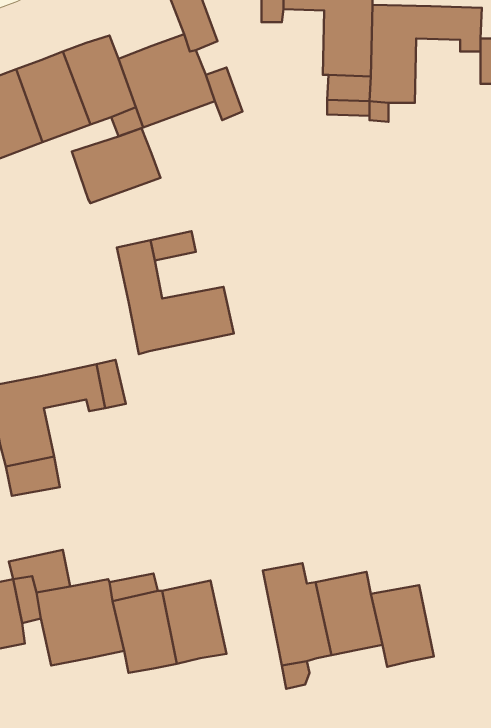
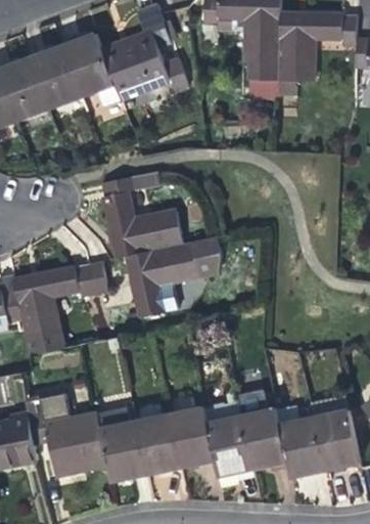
building: [72,128,161,203] -> none
building: none -> [125,235,220,317]
building: none -> [168,408,215,467]
building: none -> [314,411,360,469]

